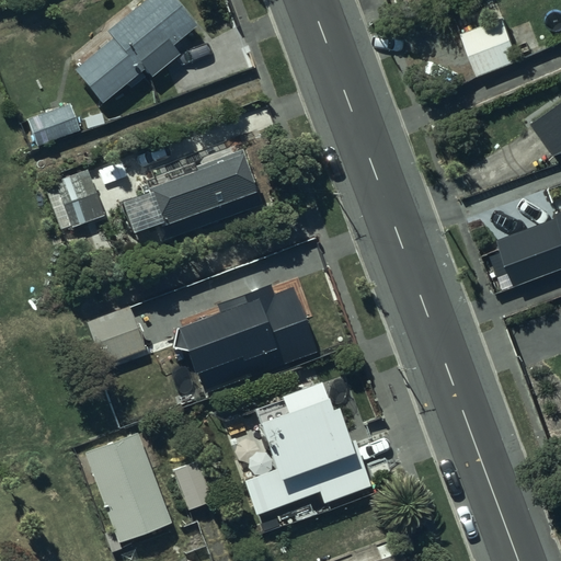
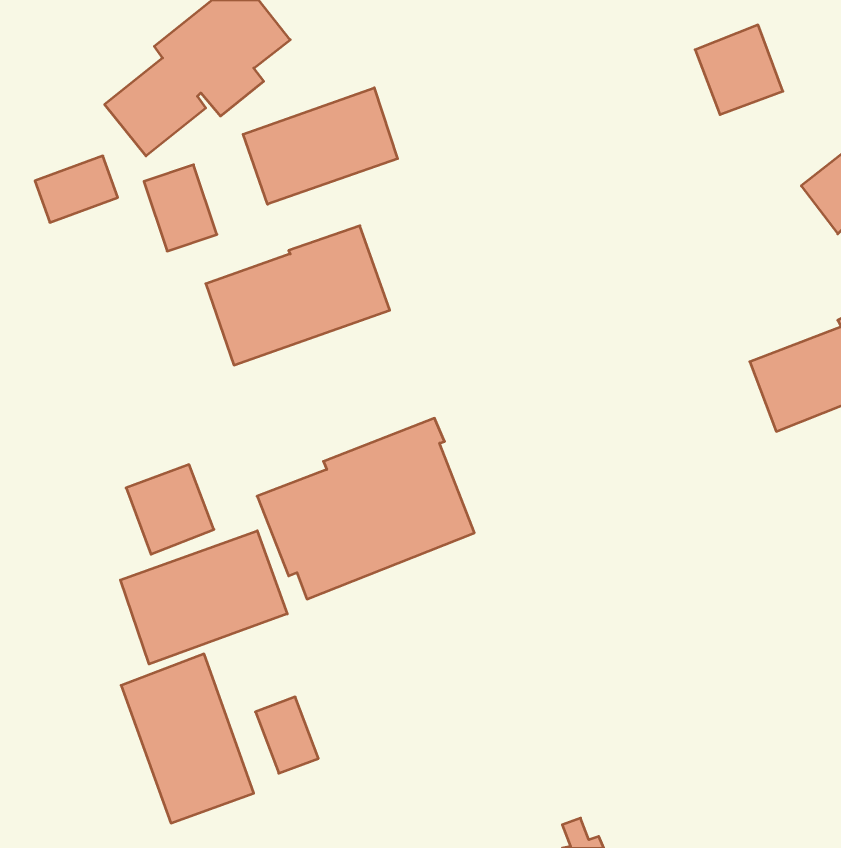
building: none -> [243,88,398,204]
building: [55,170,103,227] -> [144,165,217,251]
building: none -> [120,531,287,664]
building: [242,380,371,516] -> none

